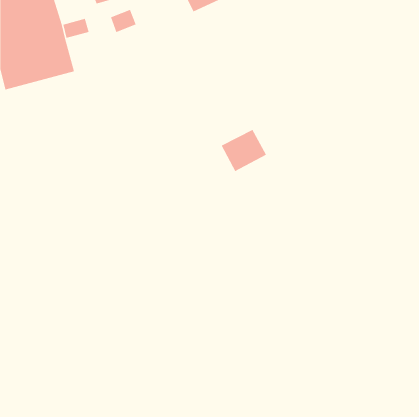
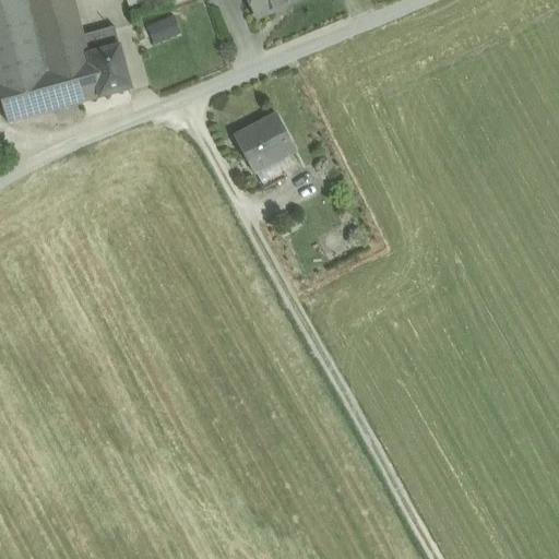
building: none -> [87,43,131,95]
building: [221,129,267,172] -> [234,114,295,170]

